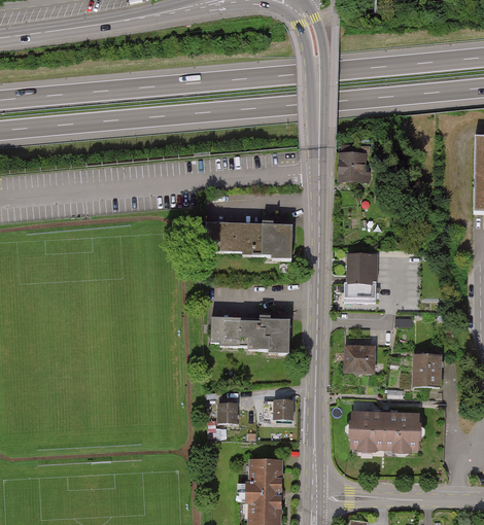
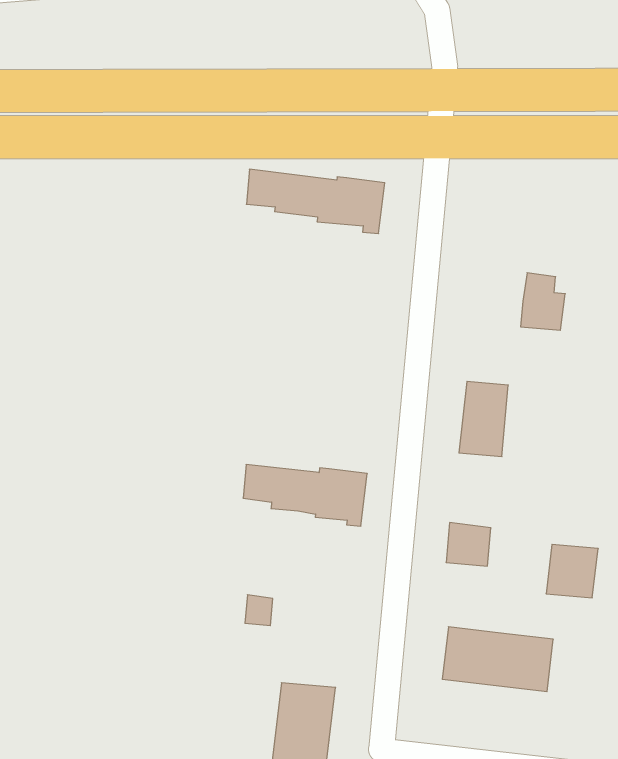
building: [341,143,368,178] -> [521,273,565,330]
building: [206,224,293,258] -> [246,169,385,234]
building: [269,397,293,418] -> none

